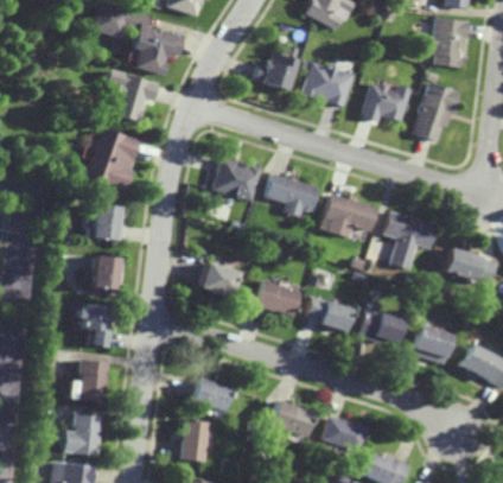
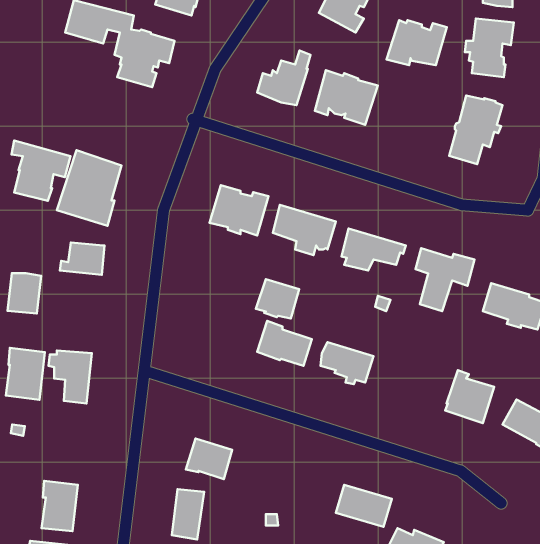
building: [109,72,159,123] -> [11,141,70,201]
building: [362,84,413,122] -> [387,20,447,65]
building: [91,250,120,285] -> [8,273,41,314]
building: [200,259,237,292] -> [256,279,299,319]
building: [358,306,405,342] -> none
building: [76,356,109,400] -> [6,348,45,400]
building: [270,396,314,434] -> none

